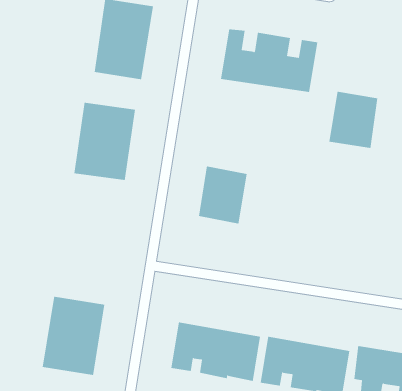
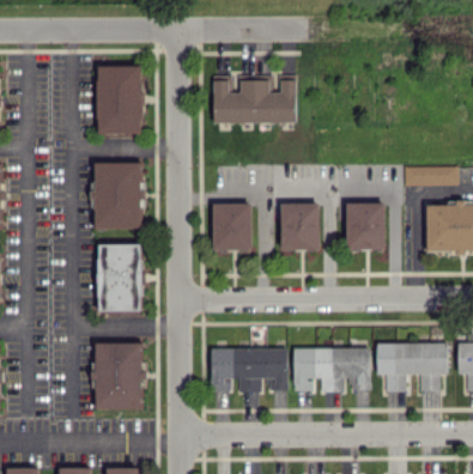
building: [329,91,378,149] -> [346,203,386,250]
building: none -> [280,203,320,250]
building: none -> [97,244,142,312]

